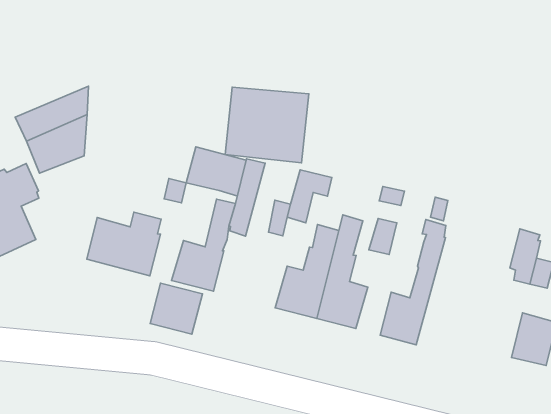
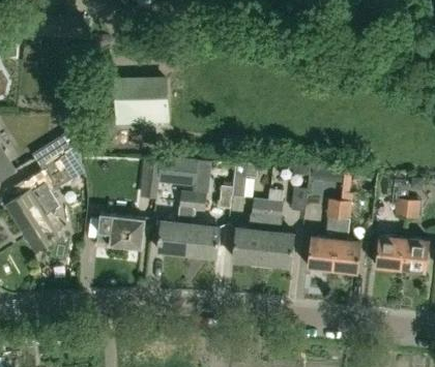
building: [225,87,309,163] -> [114,75,170,126]
building: none -> [334,194,363,275]
building: [150,283,202,334] -> [187,226,221,258]
building: none -> [376,237,404,271]

